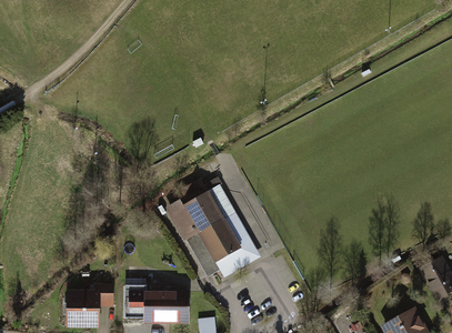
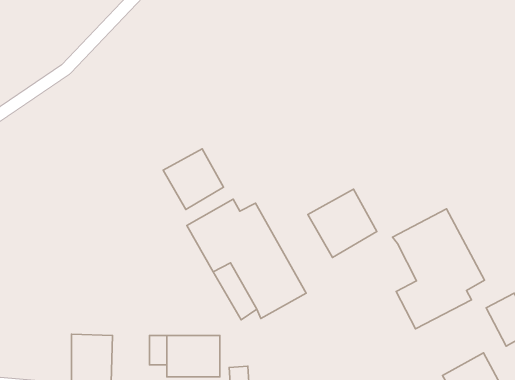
building: none -> [163,149,223,209]
building: none -> [308,189,377,258]
building: none -> [393,209,485,329]

